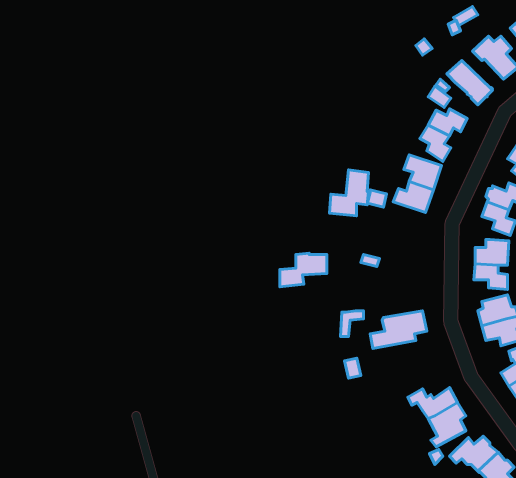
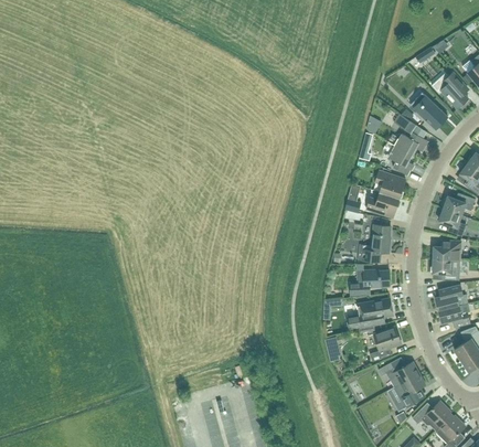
building: [330,170,369,216] -> [358,224,390,262]
building: [280,253,327,287] -> [350,269,388,297]
building: none -> [369,326,401,361]

